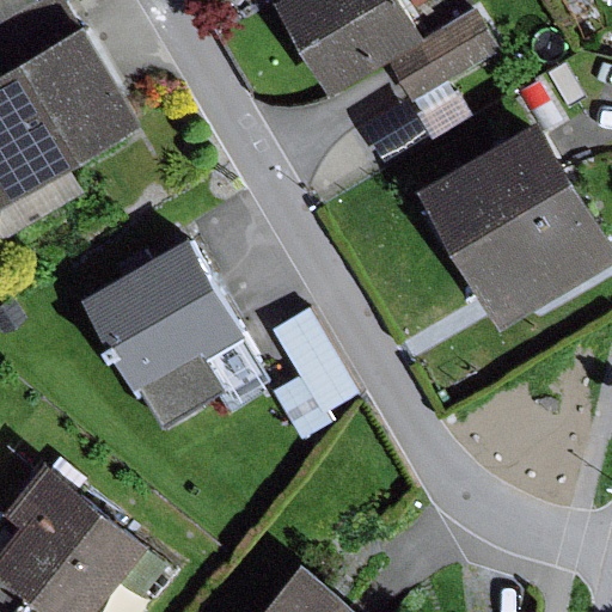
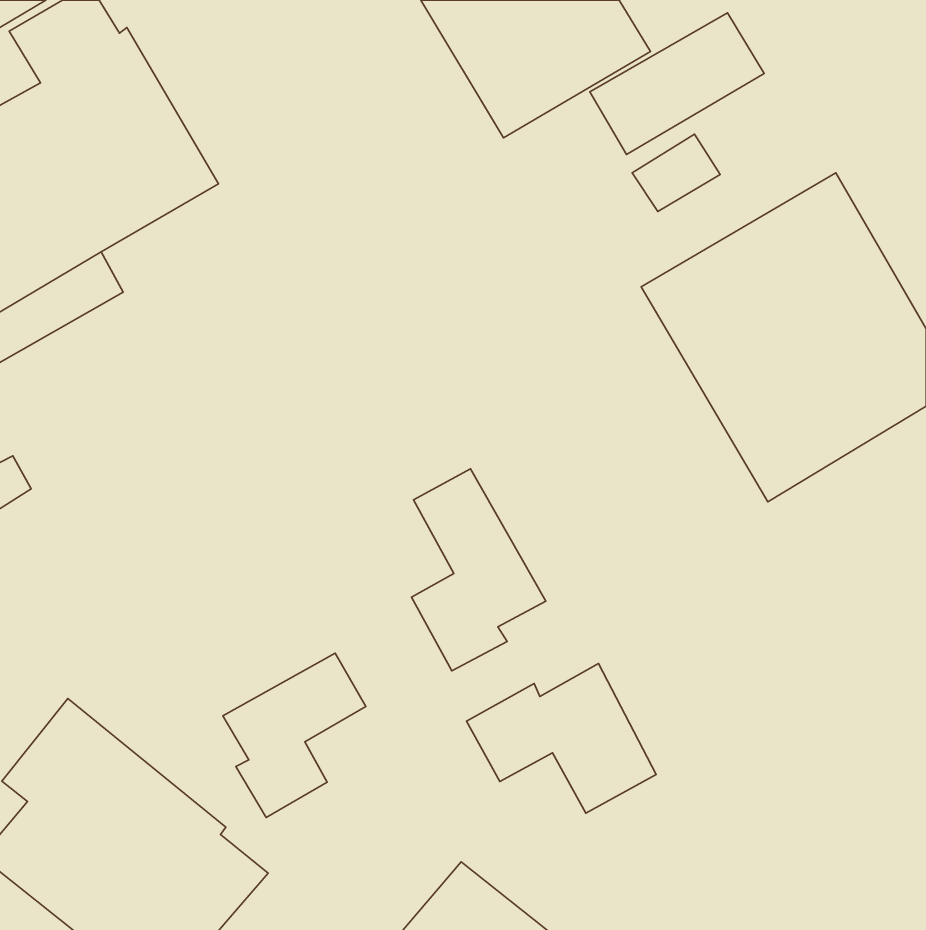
building: [79,239,265,428] -> none
building: none -> [223,653,366,817]
building: none -> [467,664,656,813]

